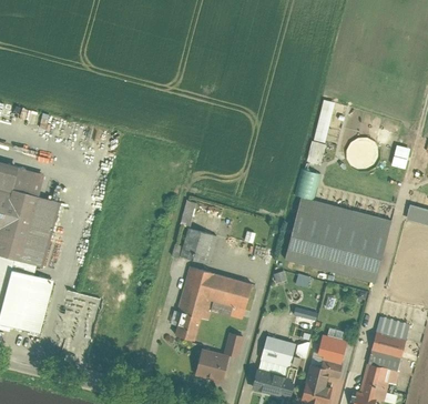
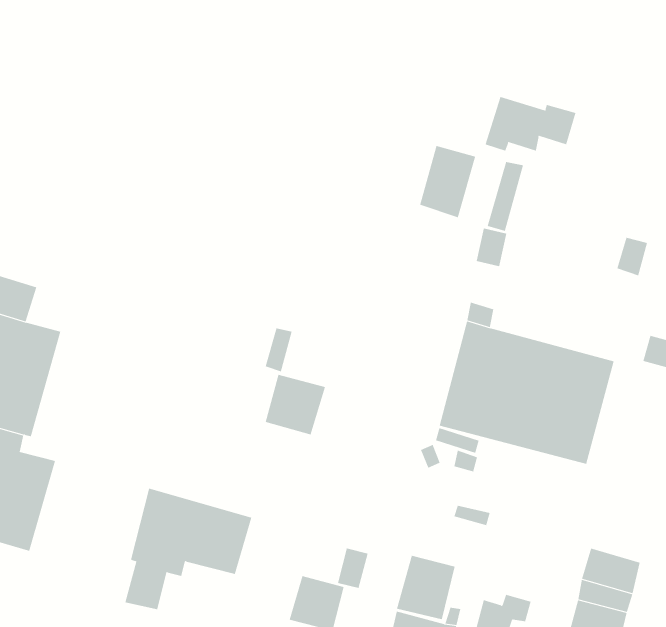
building: none -> [485,96,576,152]
building: none -> [420,145,476,218]
building: [175,265,252,339] -> [125,488,252,610]
building: [376,315,410,341] -> none
building: [317,334,347,364] -> none

